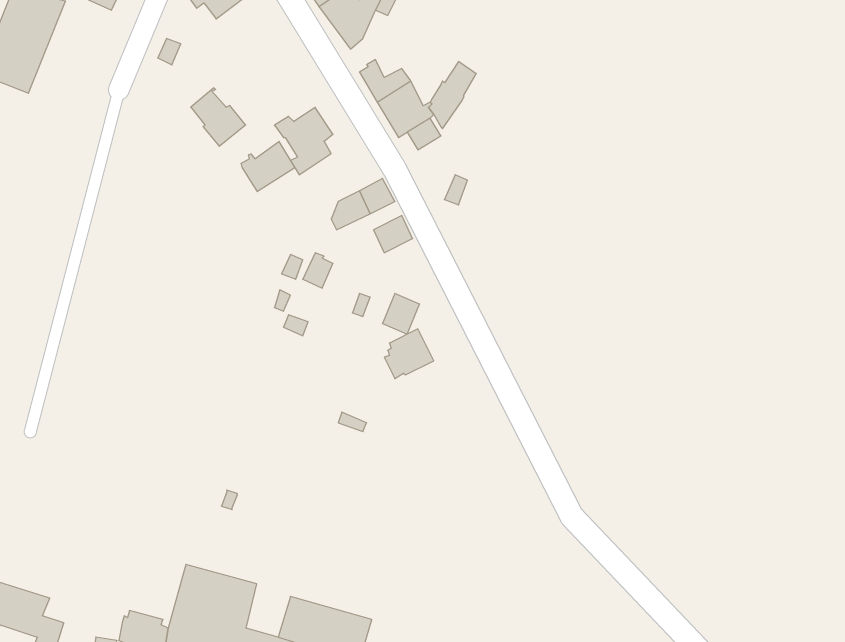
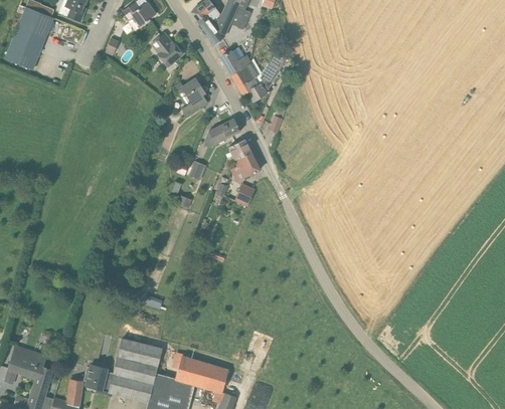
building: [191,88,246,146] -> [152,32,183,65]
building: [241,141,295,192] -> none
building: [384,329,434,379] -> [232,152,261,180]

